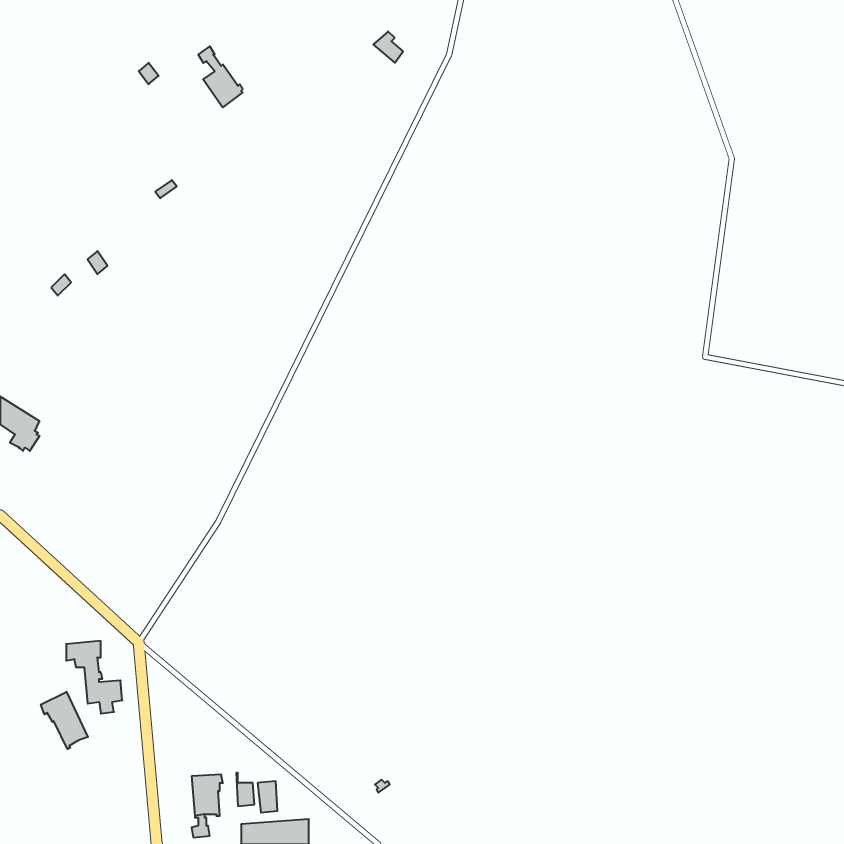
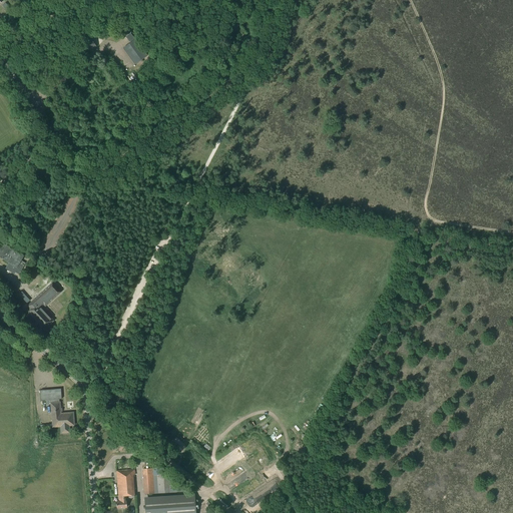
building: none -> [26,283,61,330]
building: [41,692,88,749] -> none

